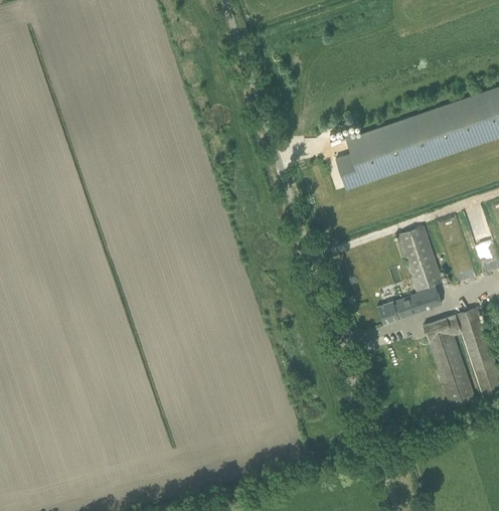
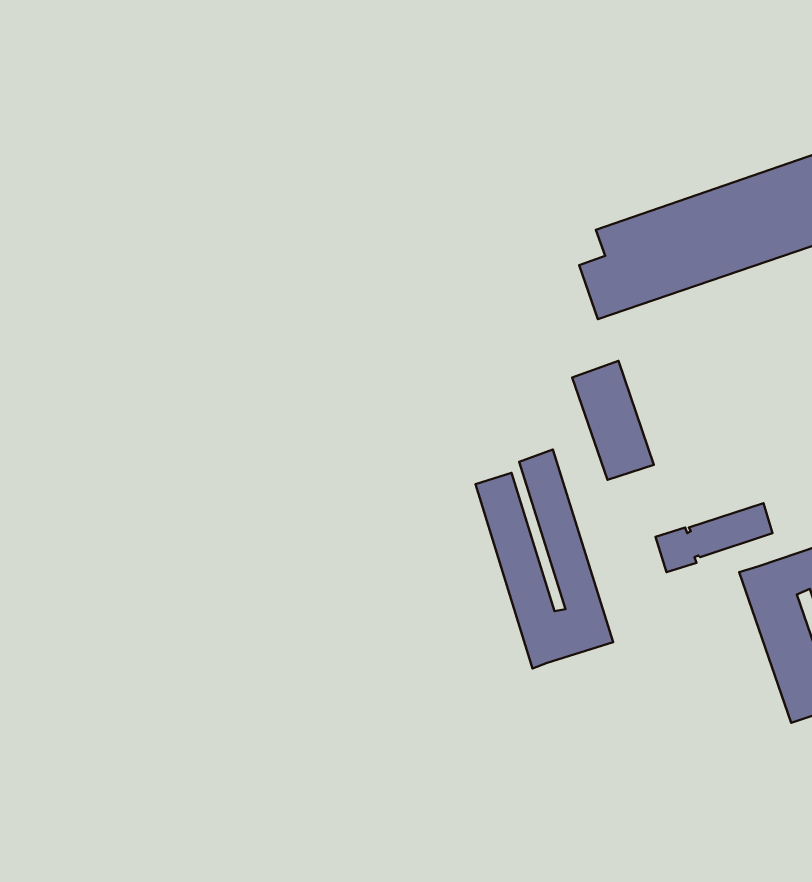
building: [398,225,443,290] -> [572,361,654,480]
building: none -> [476,449,613,668]

